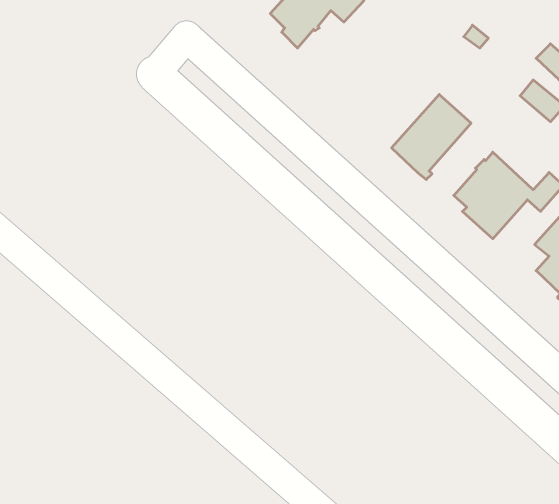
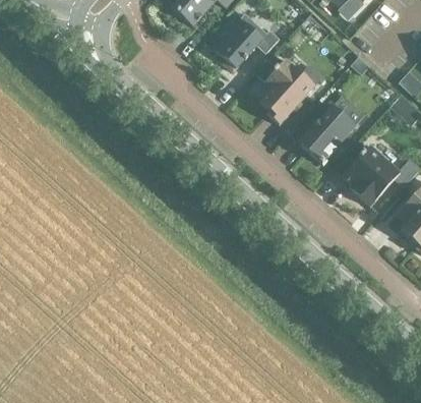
building: none -> [259,58,315,124]

